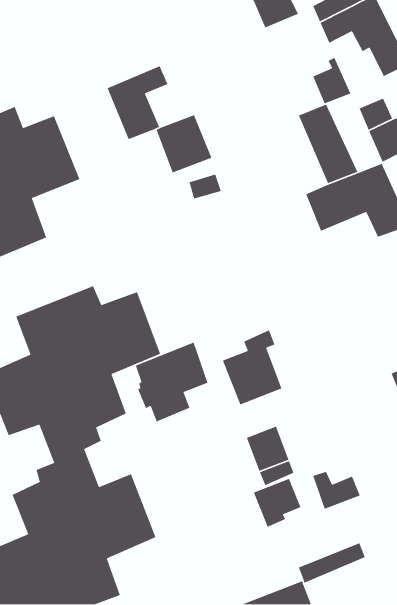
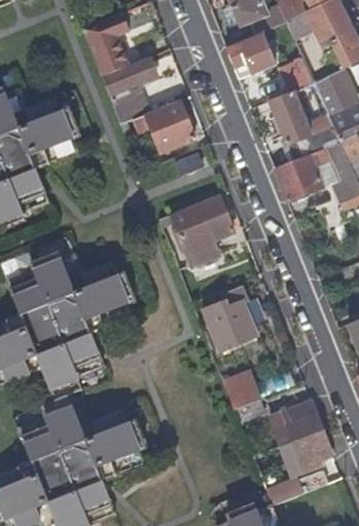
building: none -> [81,10,129,73]
building: none -> [225,33,275,77]
building: [135,341,208,422] -> [172,190,236,260]
building: [253,478,302,528] -> [290,428,332,472]

